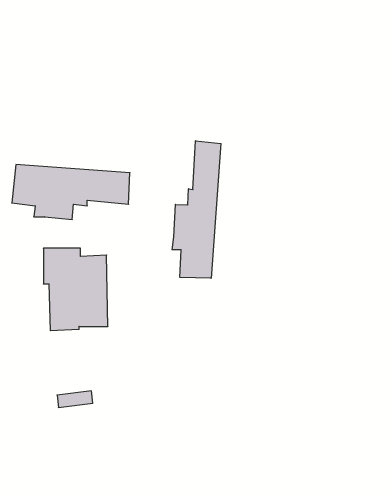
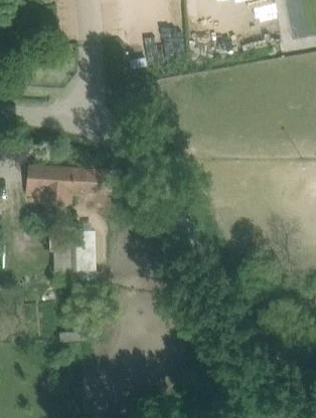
building: [172,141,221,278] -> none

